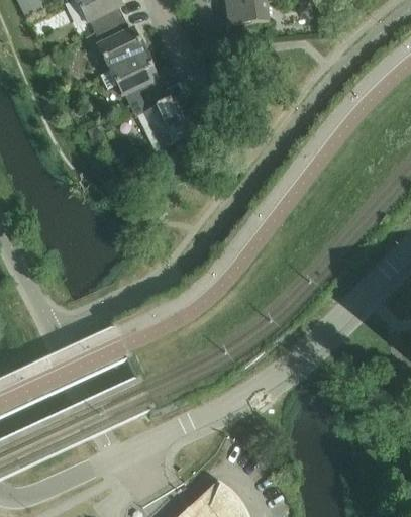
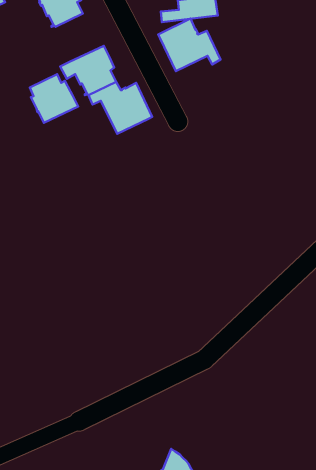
building: [95,17,146,69] -> [30,74,78,123]
building: none -> [158,19,220,71]

